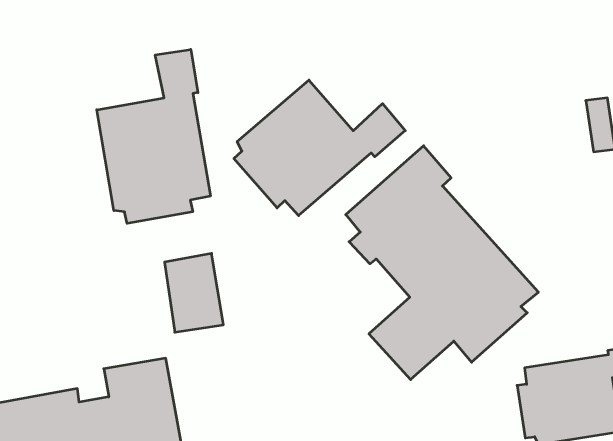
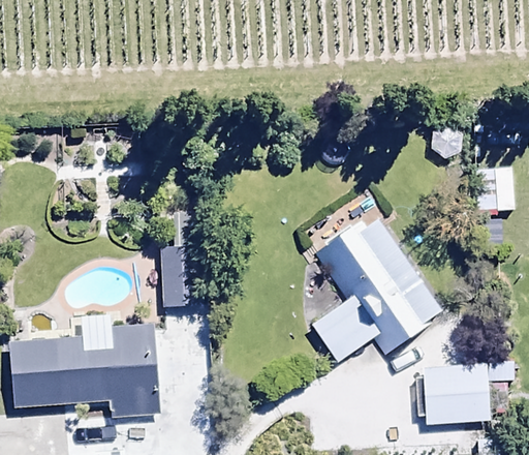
building: [97,49,210,223] -> none
building: [234,80,405,216] -> none

